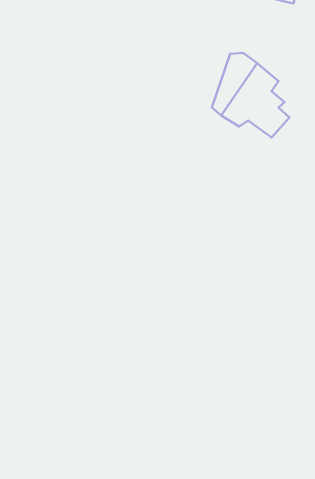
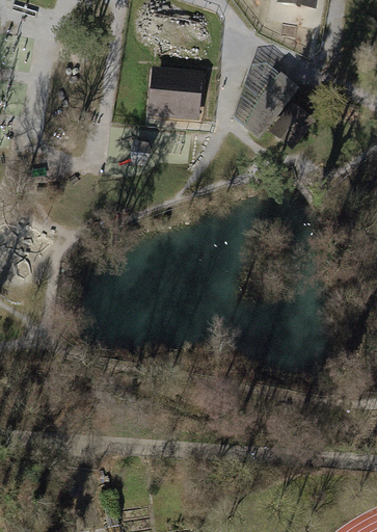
building: none -> [146,64,203,118]

